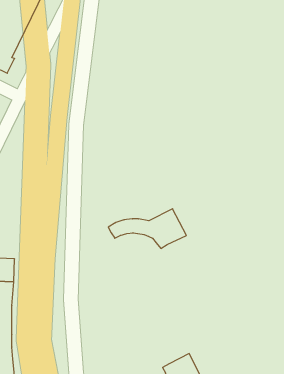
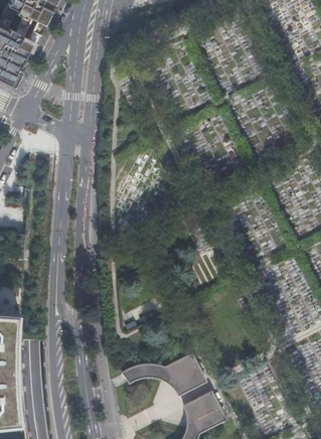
building: [108,209,186,248] -> [122,352,207,396]

